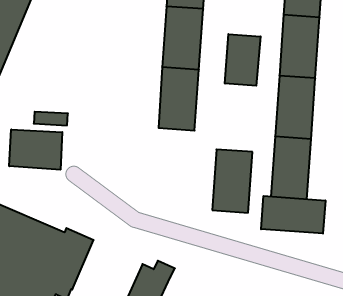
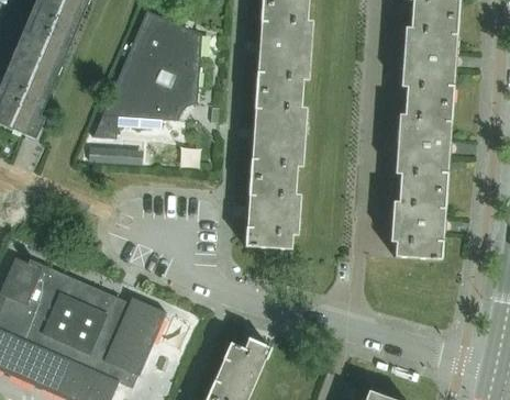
building: none -> [93,10,202,138]
building: [225,34,261,86] -> none
building: [9,129,62,170] -> none
building: [212,149,252,213] -> [245,168,297,249]
building: [261,196,325,234] -> none

